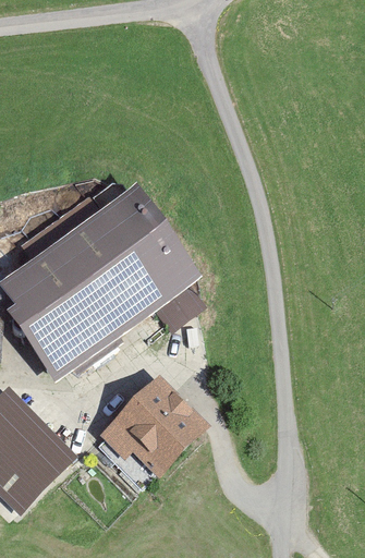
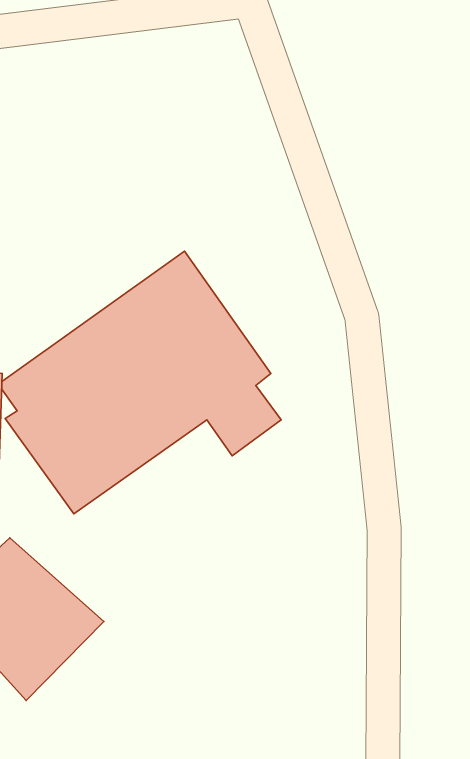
building: [97,375,208,492] -> none

